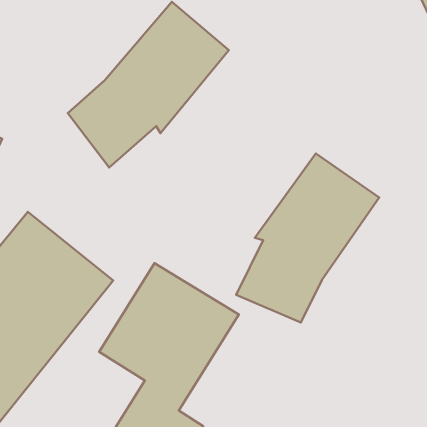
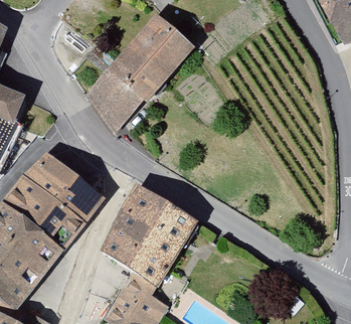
building: [236,153,379,322] -> none

